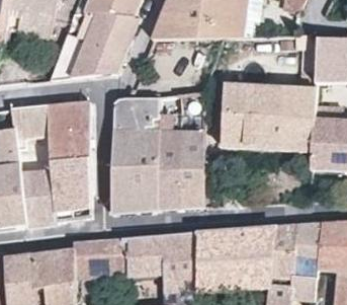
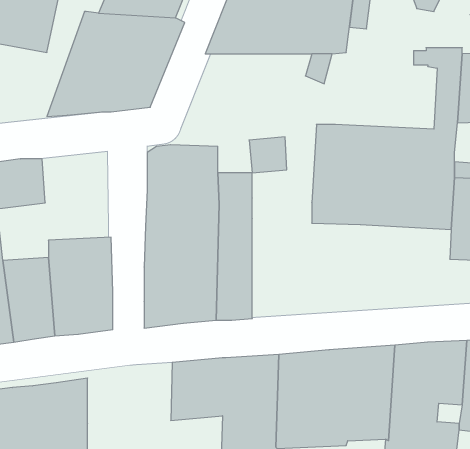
building: [47,100,91,158] -> none
building: [182,131,204,209] -> none
building: [75,237,131,277] -> none

